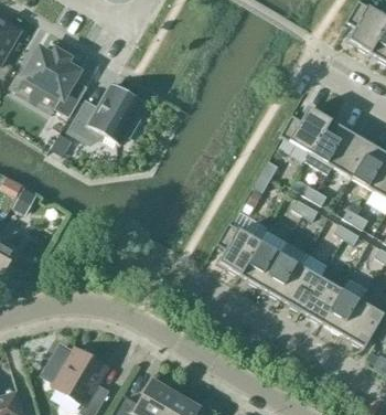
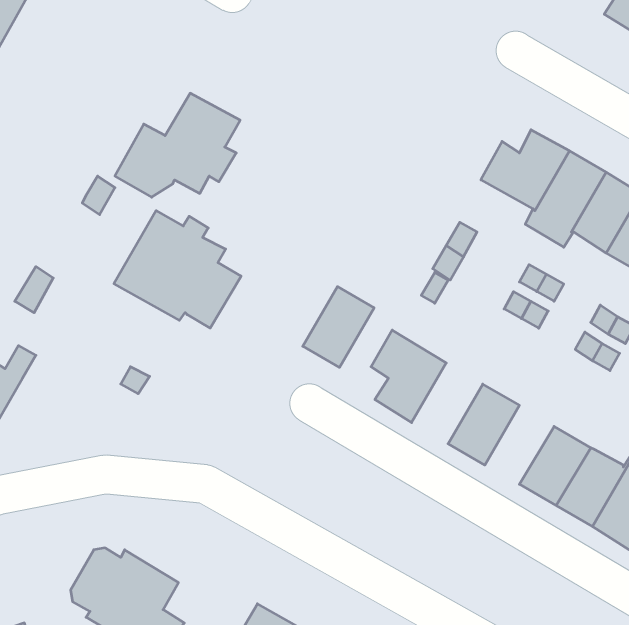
building: [13,50,86,117] -> [114,211,241,328]
building: [239,240,280,286] -> [303,287,374,367]
building: [281,264,321,309] -> none

